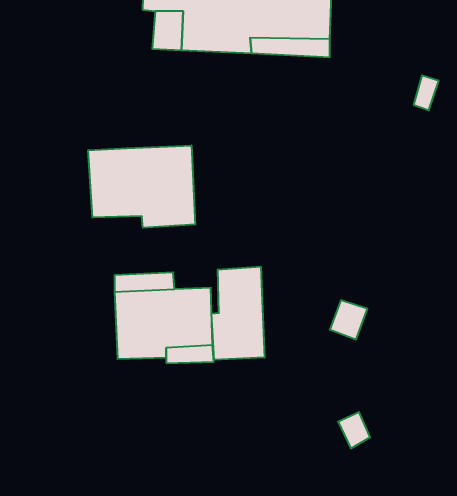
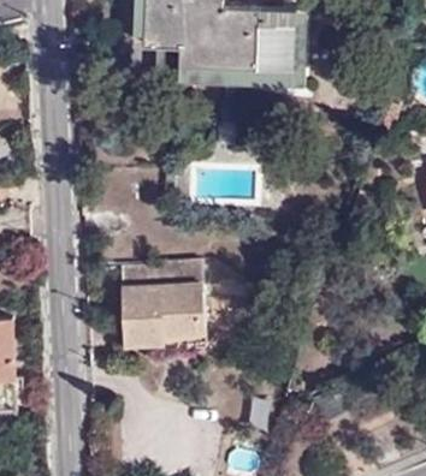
building: [88,145,195,228] -> none
building: [212,267,264,360] -> none

